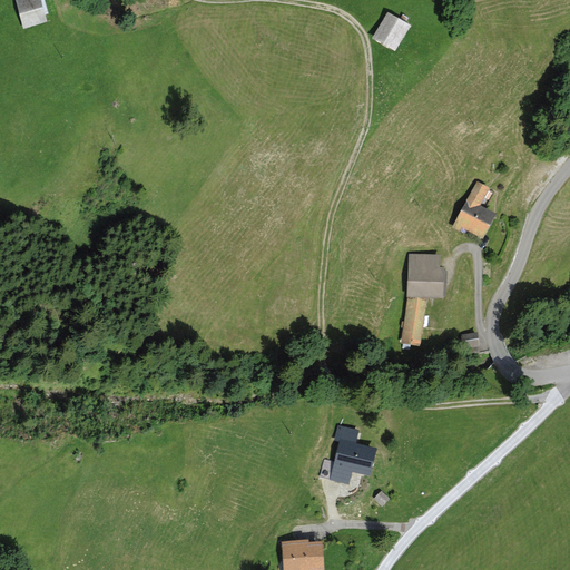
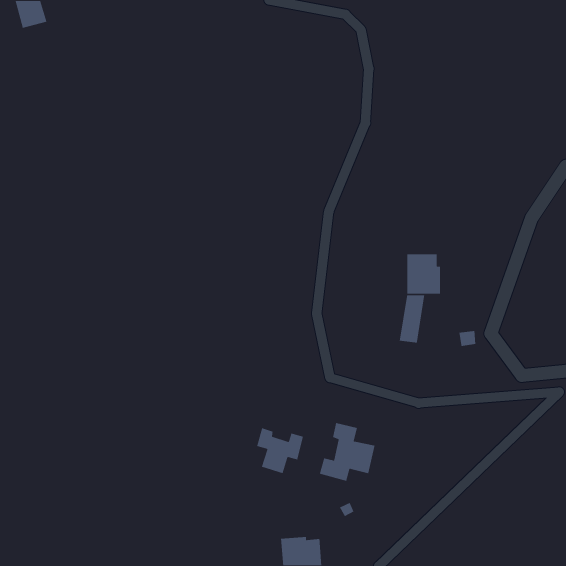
building: [372,11,411,51] -> none
building: [453,179,499,239] -> none
building: none -> [256,427,304,474]

